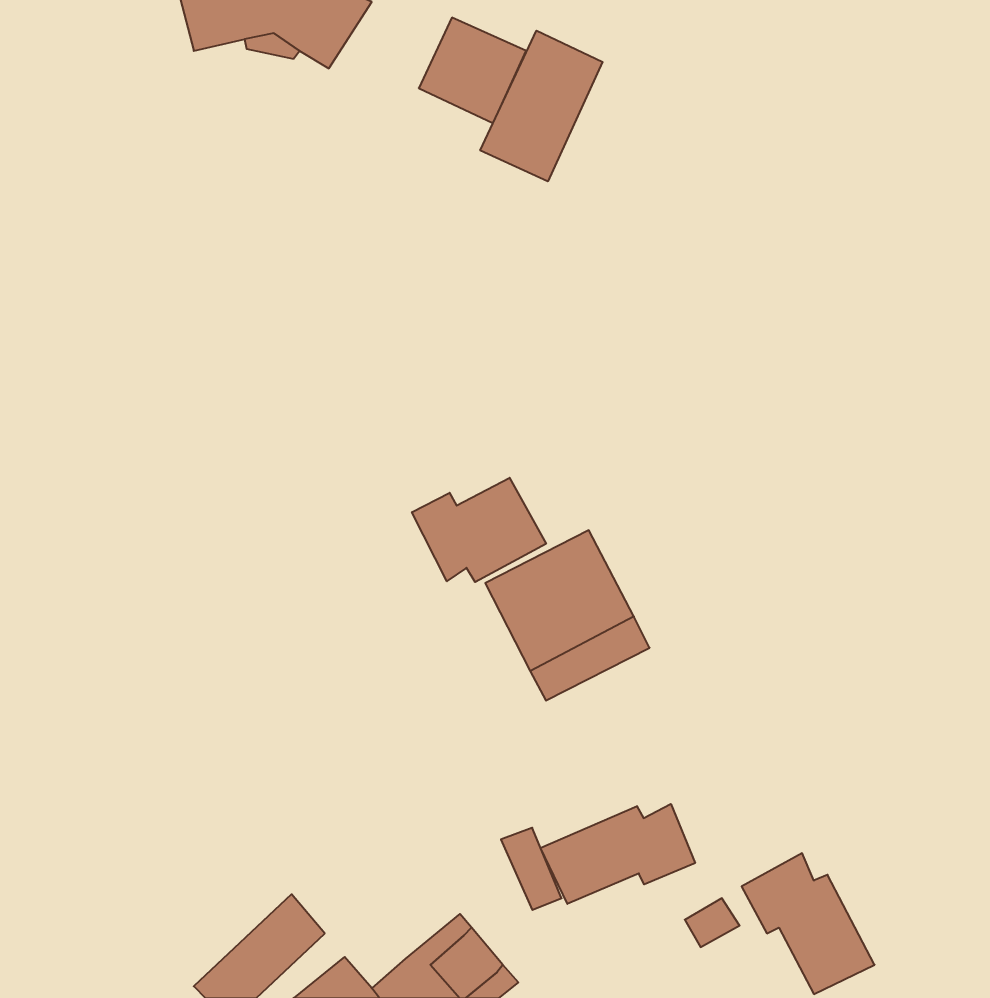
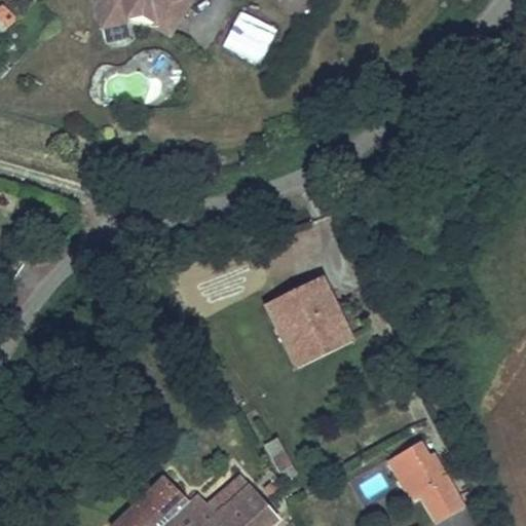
building: [480,31,603,181] -> none
building: [412,478,546,582] -> none
building: [541,804,695,904] -> none

